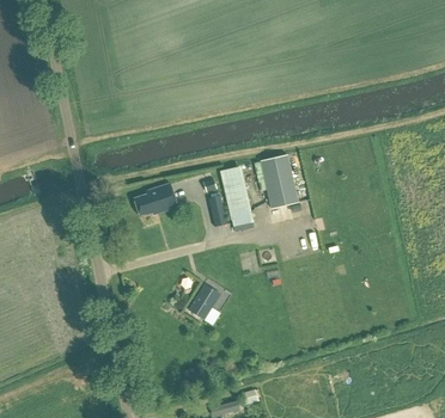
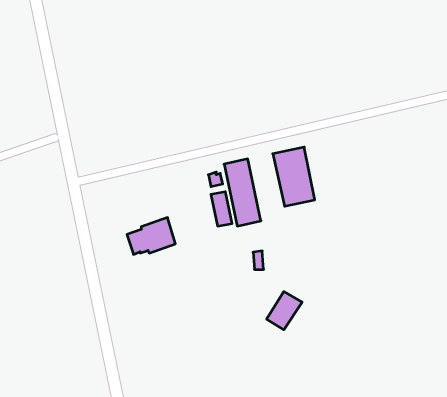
building: [133,183,177,216] -> [127,218,175,254]
building: [188,284,220,319] -> [267,292,302,330]

